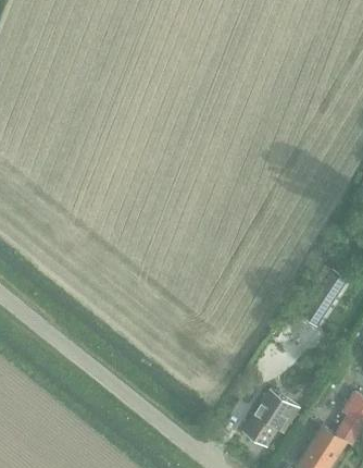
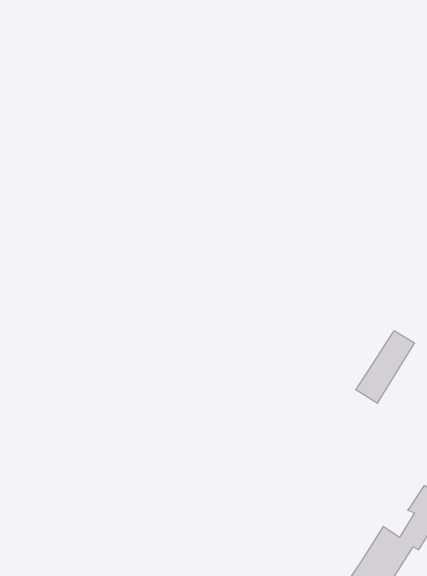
building: [242,389,298,445] -> none

